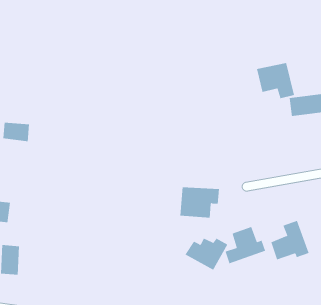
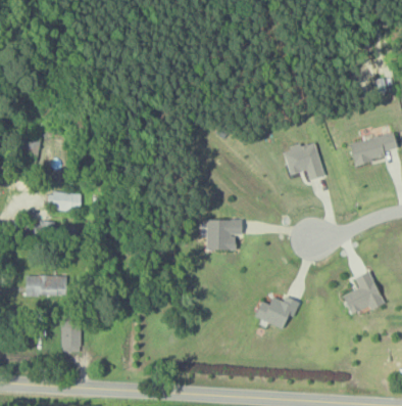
building: [256,62,295,99] -> [283,141,325,180]
building: [180,187,220,218] -> [203,219,243,251]
building: [225,226,266,264] -> none

